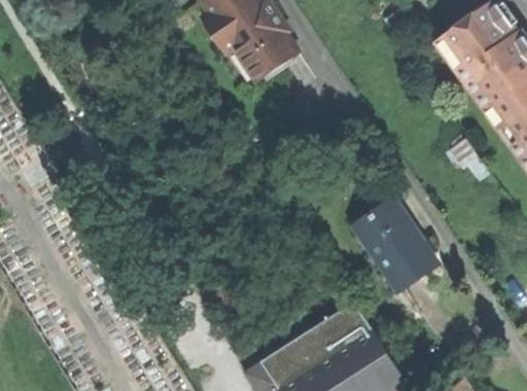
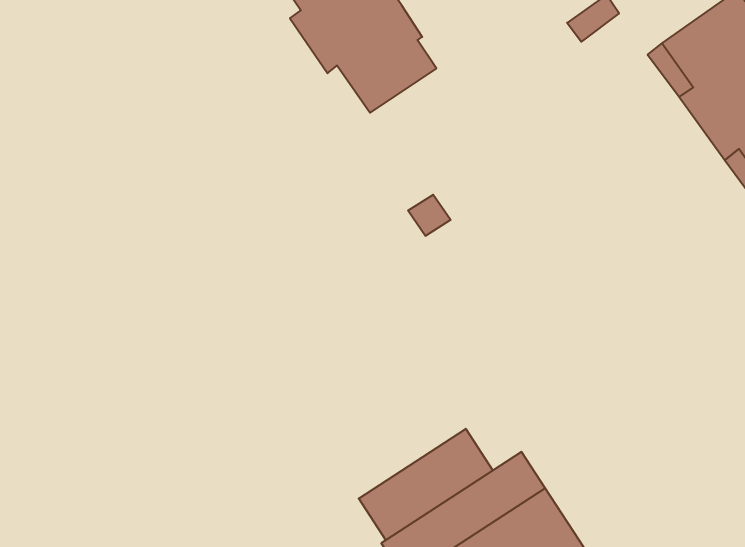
building: [358,202,435,288] -> none
building: none -> [359,429,493,540]

